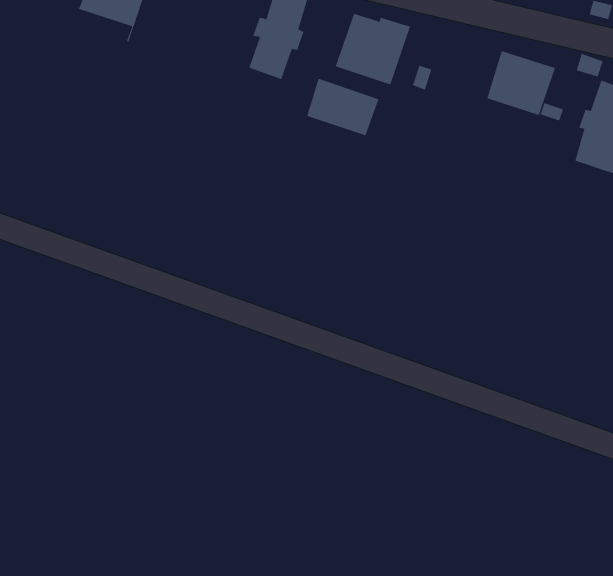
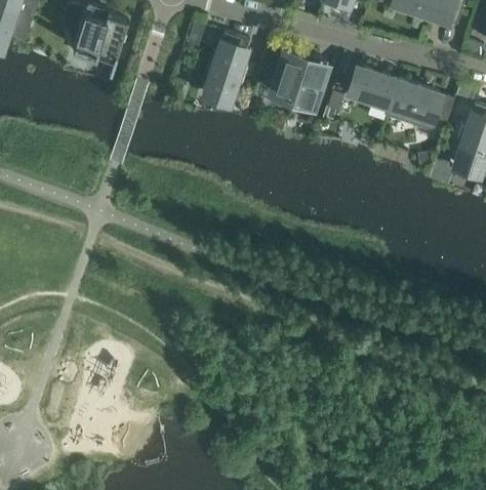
building: none -> [349,69,398,109]
building: [306,78,379,136] -> none

